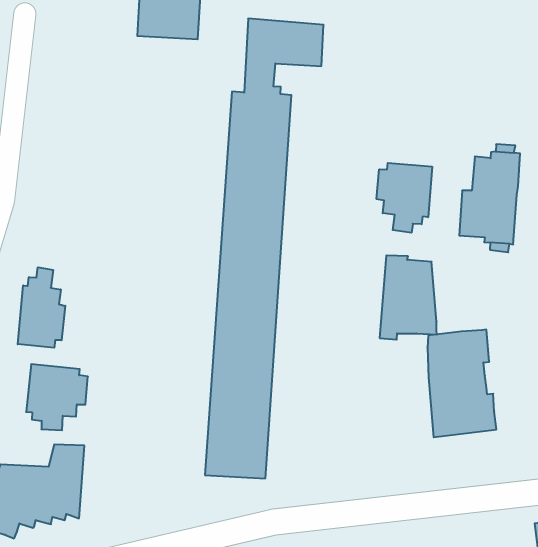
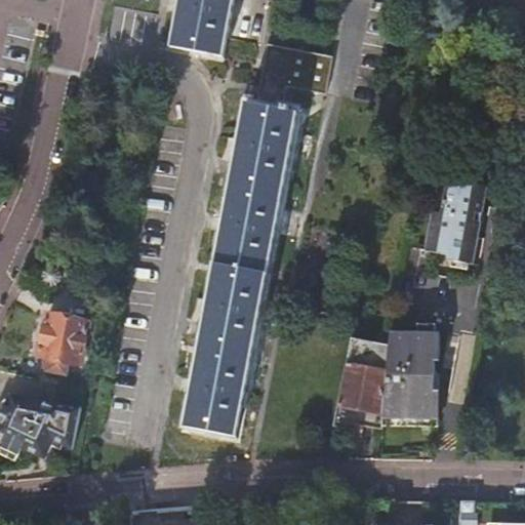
building: [377,163,432,233] -> none
building: [380,255,437,340] -> [331,357,383,430]
building: [18,267,65,348] -> none

